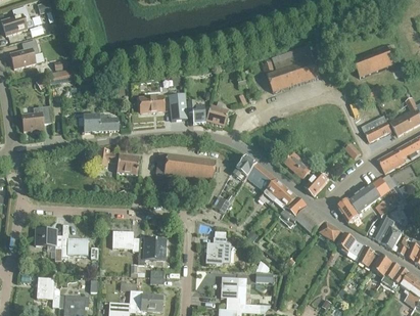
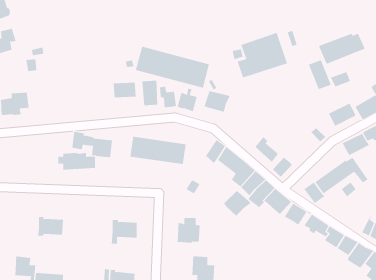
building: none -> [135,46,210,89]
building: none -> [308,59,331,90]
building: none -> [204,91,231,113]
building: [78,112,118,131] -> [57,152,96,170]
building: none -> [223,190,252,217]
building: [372,216,405,249] -> none
building: [35,228,61,260] -> none
building: [111,230,138,251] -> none

